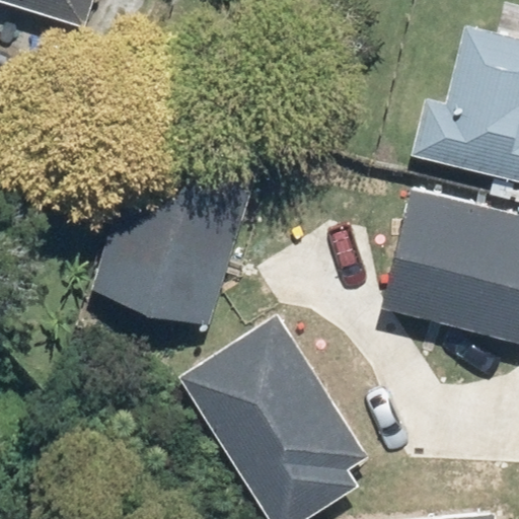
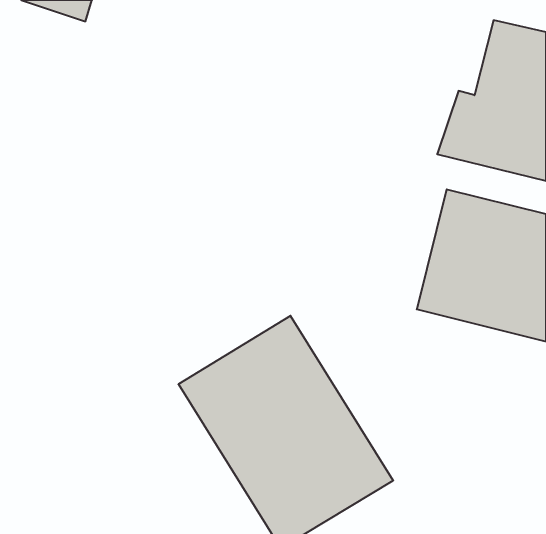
building: [100,155,258,331] -> none

